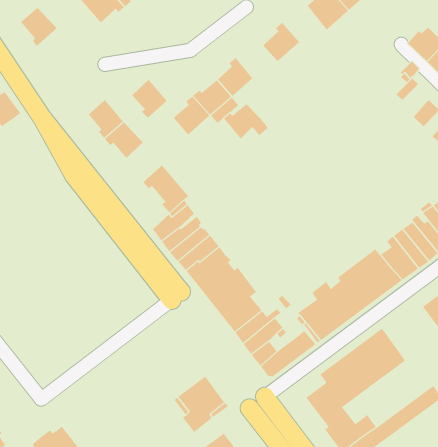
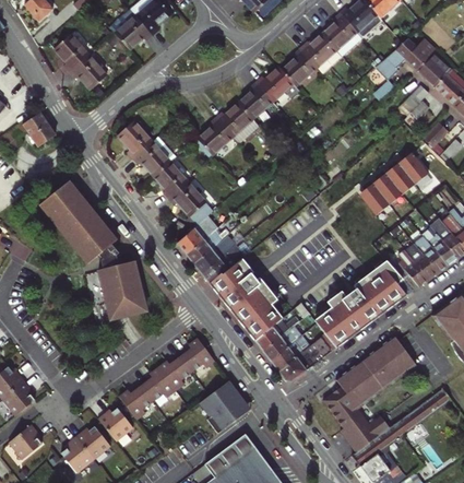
building: none -> [300,33,336,67]
building: none -> [376,37,437,80]
building: none -> [70,54,108,90]
building: [131,79,168,118] -> [154,161,188,198]
building: [223,103,269,140] -> [257,67,299,101]
building: none -> [360,153,427,216]
building: none -> [40,181,145,319]
building: none -> [118,338,215,420]
building: none -> [97,408,132,441]

